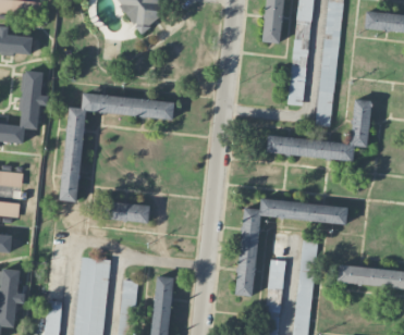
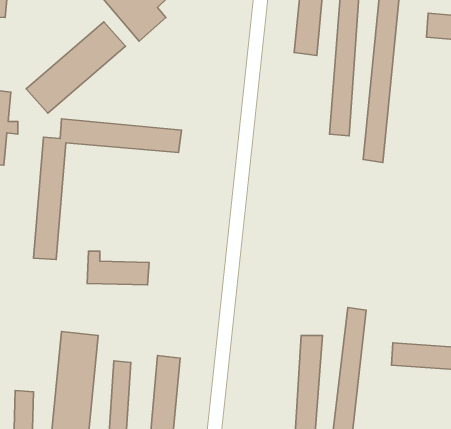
building: none -> [26,22,126,113]
building: [266,98,371,161] -> none
building: [236,199,347,296] -> none

